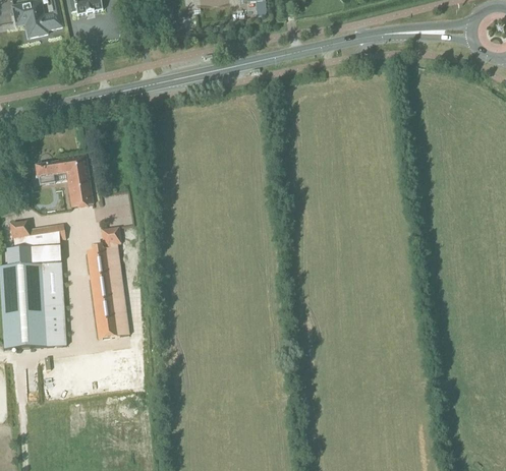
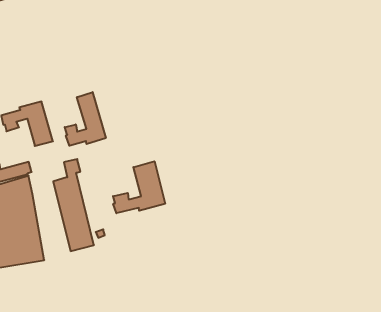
building: none -> [65,92,106,146]
building: none -> [113,161,165,213]

